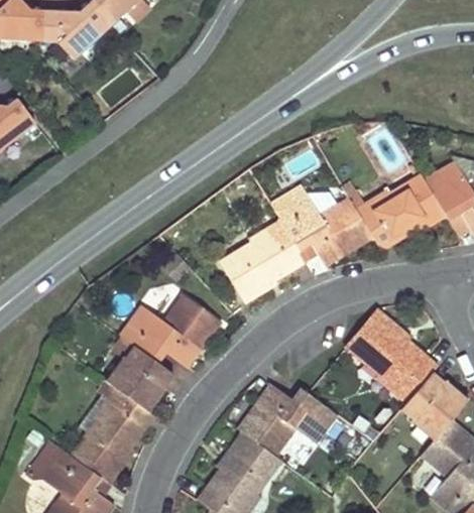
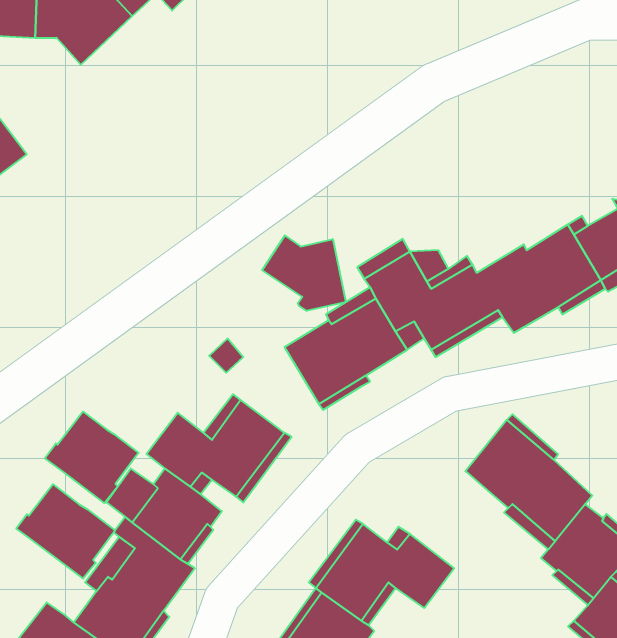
building: none -> [262,235,346,311]
building: none -> [45,412,139,503]
building: none -> [16,484,115,579]

